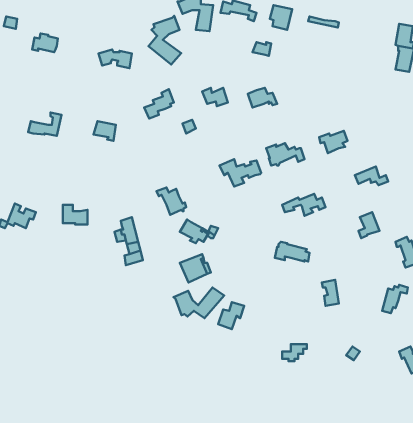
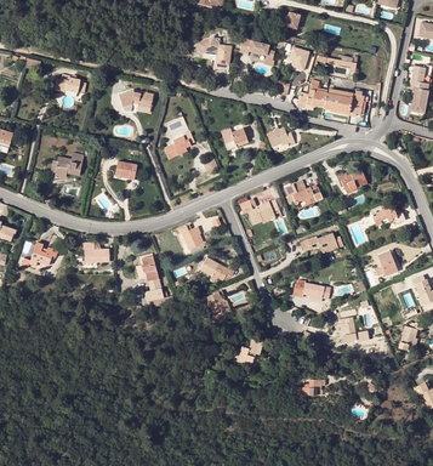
building: [148,16,181,65] -> none
building: none -> [297,89,364,114]
building: [174,287,224,318] -> none

